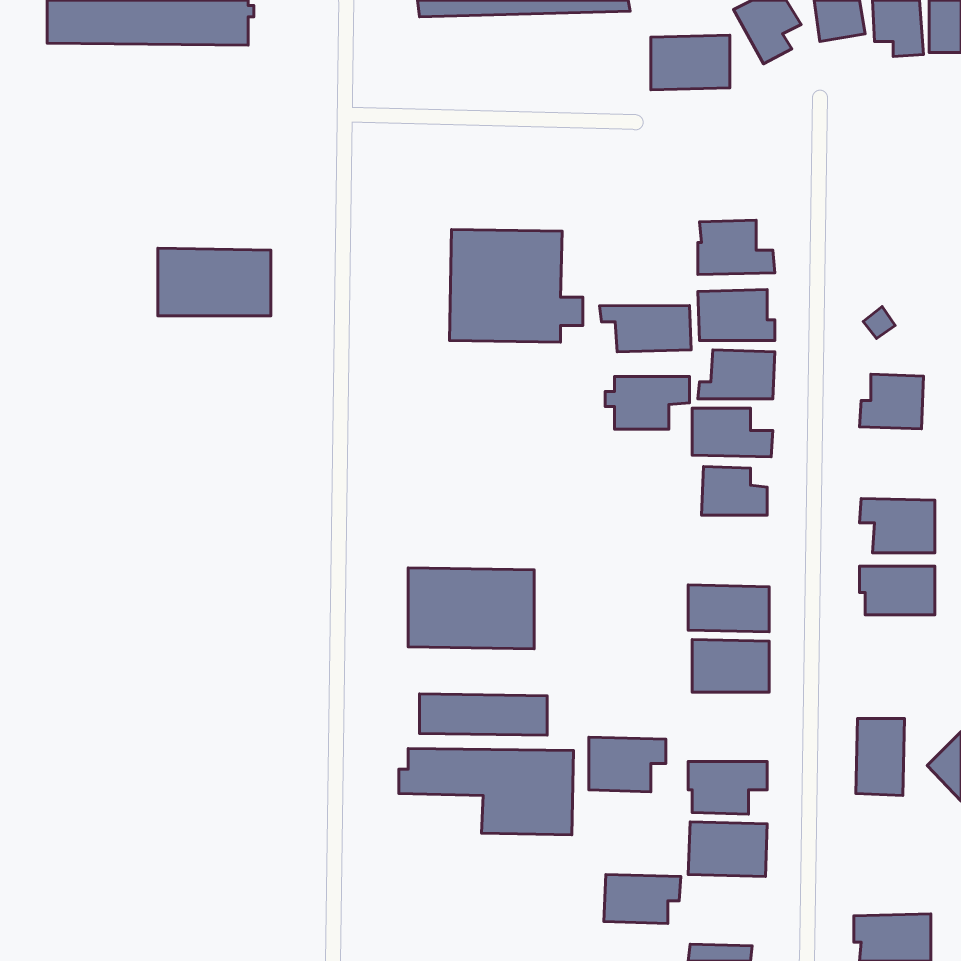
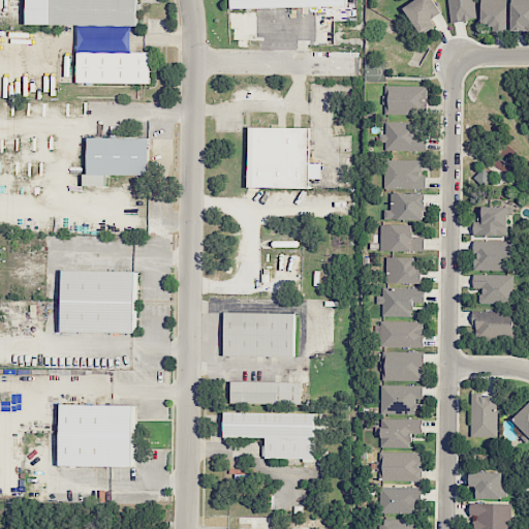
building: [651,35,730,90] -> [383,85,427,115]
building: none -> [75,52,150,84]
building: [600,306,691,352] -> none
building: [605,376,690,429] -> [377,287,424,316]
building: none -> [473,241,512,271]
building: none -> [60,270,133,333]
building: none -> [58,404,132,466]
building: [589,737,666,792] -> [380,384,423,414]
building: none -> [469,471,507,499]
building: [604,875,681,923] -> [379,487,422,514]

